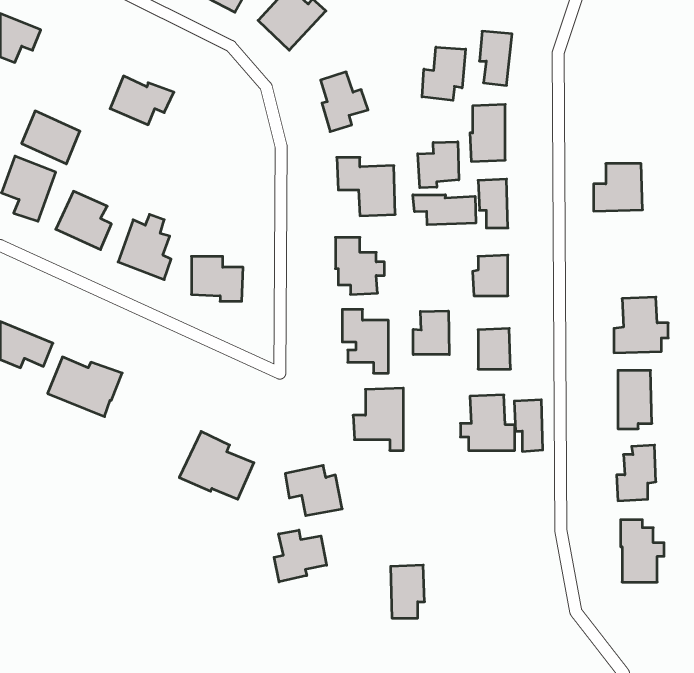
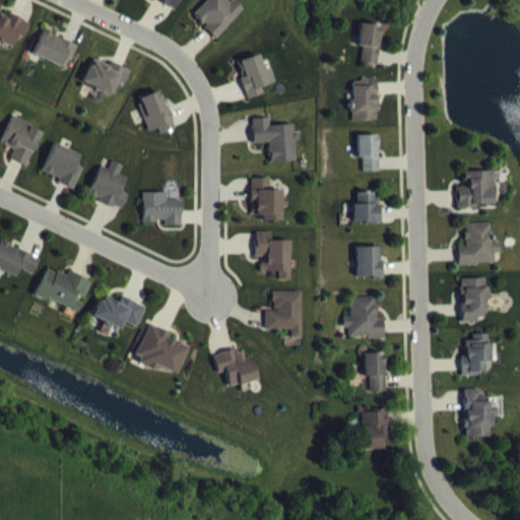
building: [422,47,466,100] -> none
building: [22,111,80,164] -> [34,29,77,69]
building: none -> [137,89,174,134]
building: [418,142,459,188] -> none
building: [594,164,643,211] -> [458,171,495,206]
building: [413,195,476,225] -> none
building: [413,311,449,355] -> none
building: none -> [92,296,146,329]
building: [514,400,543,451] -> [365,352,386,391]
building: [274,530,327,582] -> none
building: [391,565,425,618] -> [363,409,388,449]

